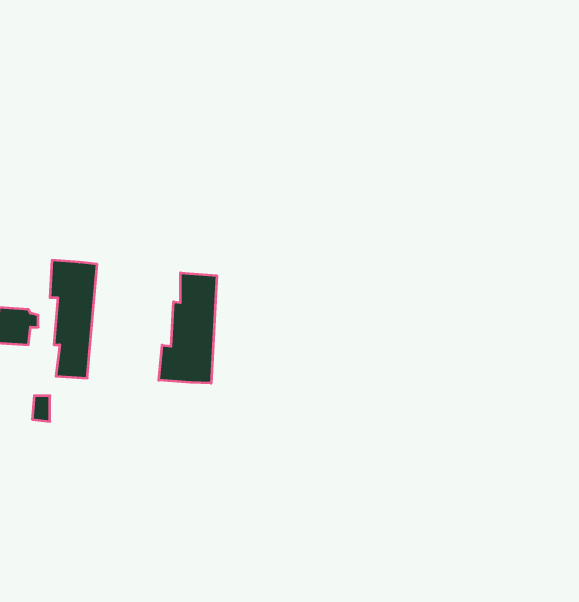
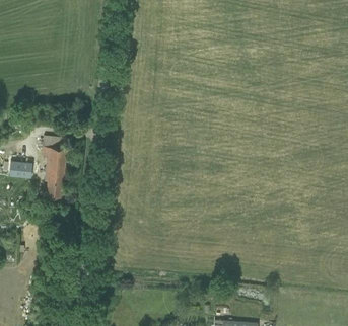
building: [159,273,217,383] -> none

